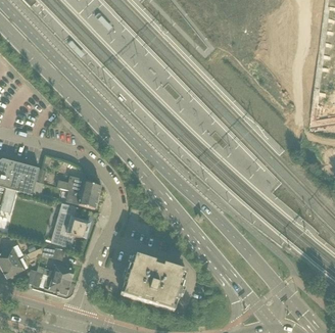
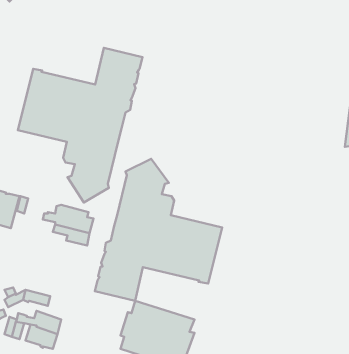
building: none -> [18,48,142,202]
building: none -> [95,159,222,301]
building: [53,203,90,245] -> none

